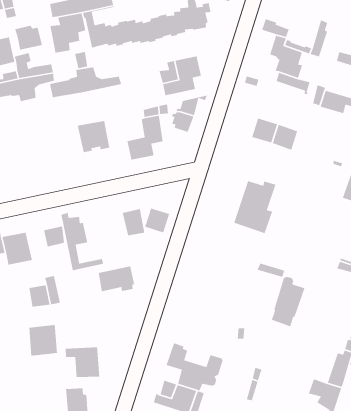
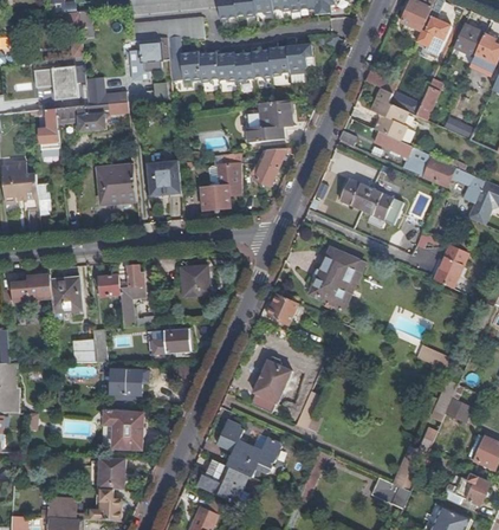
building: [14,25,43,51] -> none
building: [49,67,122,98] -> none
building: none -> [97,166,136,205]
building: [144,207,170,233] -> [267,293,298,324]
building: [271,276,305,328] -> [250,355,292,413]
building: [28,324,58,357] -> [109,369,141,402]

